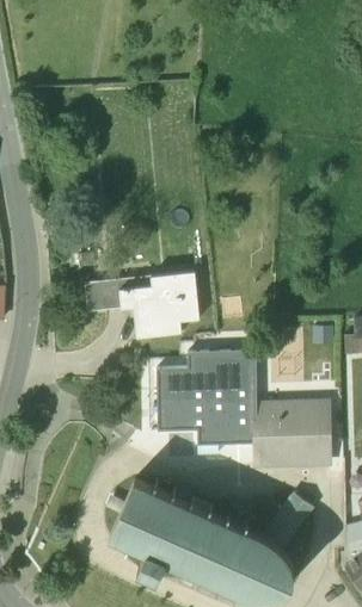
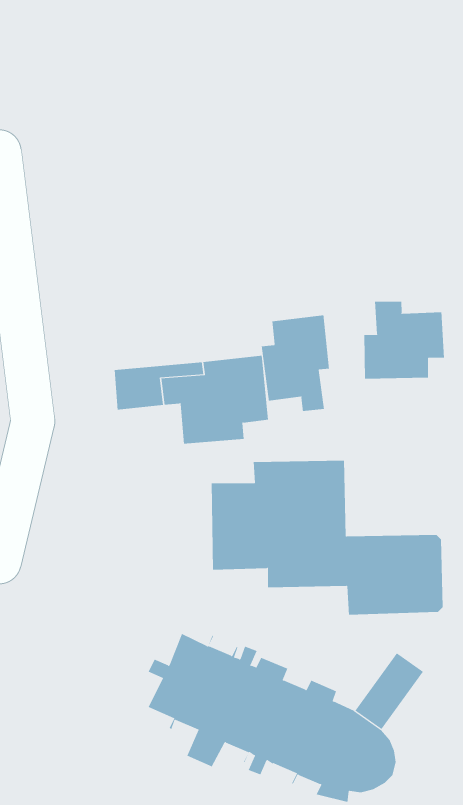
building: none -> [364,301,445,380]
building: none -> [261,315,330,412]

